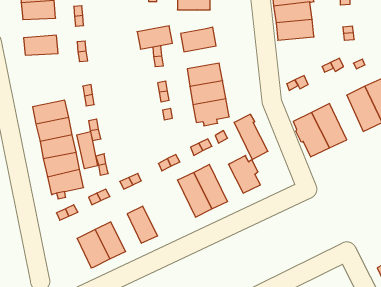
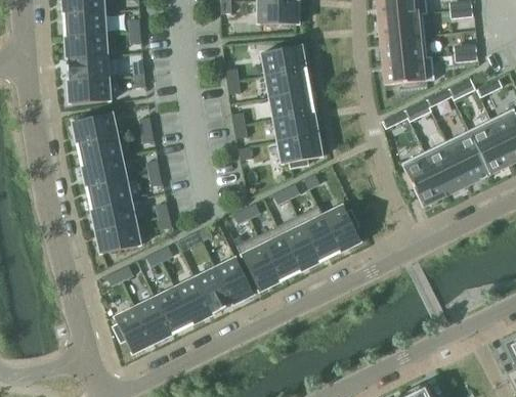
building: none -> [66,34,107,58]
building: [137,26,172,49] -> [266,69,310,97]
building: none -> [383,56,435,85]
building: none -> [69,78,111,103]
building: none -> [73,113,118,144]
building: none -> [447,130,489,185]
building: [234,114,268,159] -> [298,206,340,262]
building: [77,131,98,169] -> none
building: none -> [238,235,281,292]
building: none -> [215,258,254,305]
building: none -> [175,277,213,324]
building: none -> [114,308,150,354]

